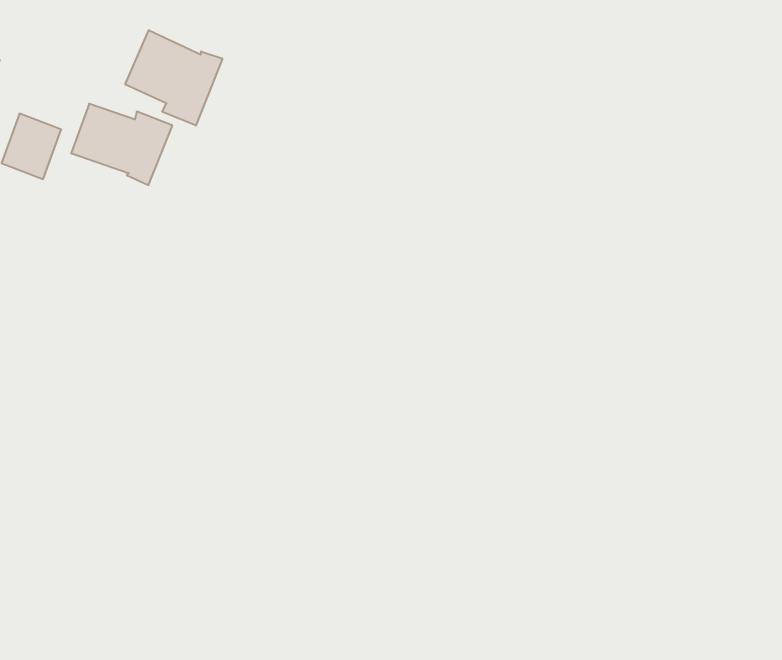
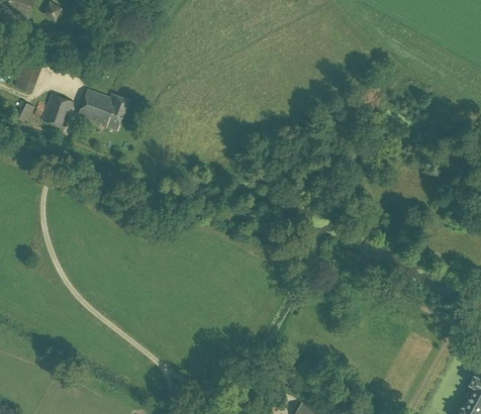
building: [125,30,222,126] -> none

